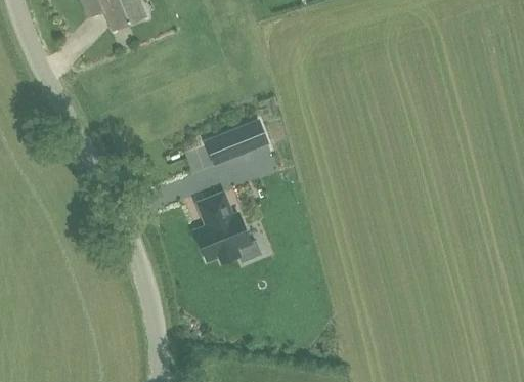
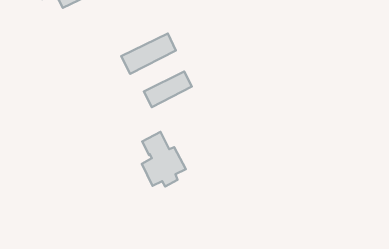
building: none -> [121,33,176,74]

